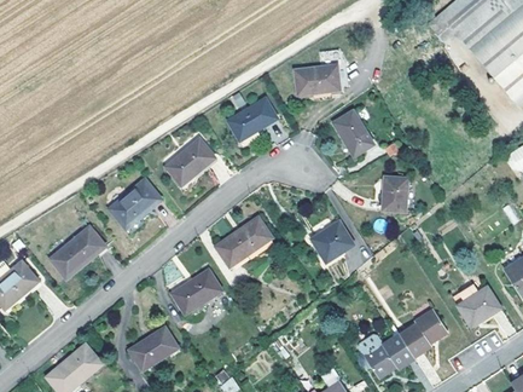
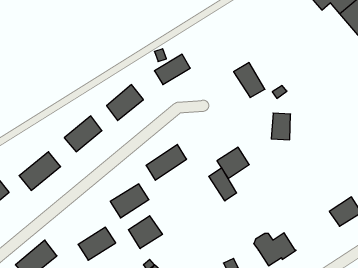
building: [295,65,341,96] -> none
building: none -> [209,168,237,201]
building: [400,311,447,357] -> none
building: none -> [128,216,162,249]

